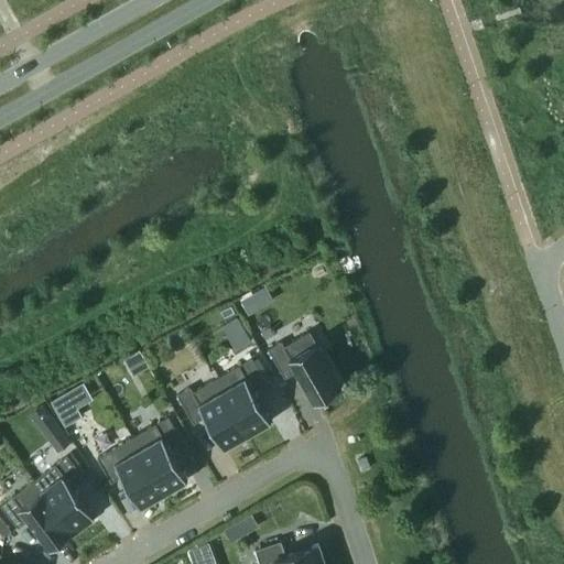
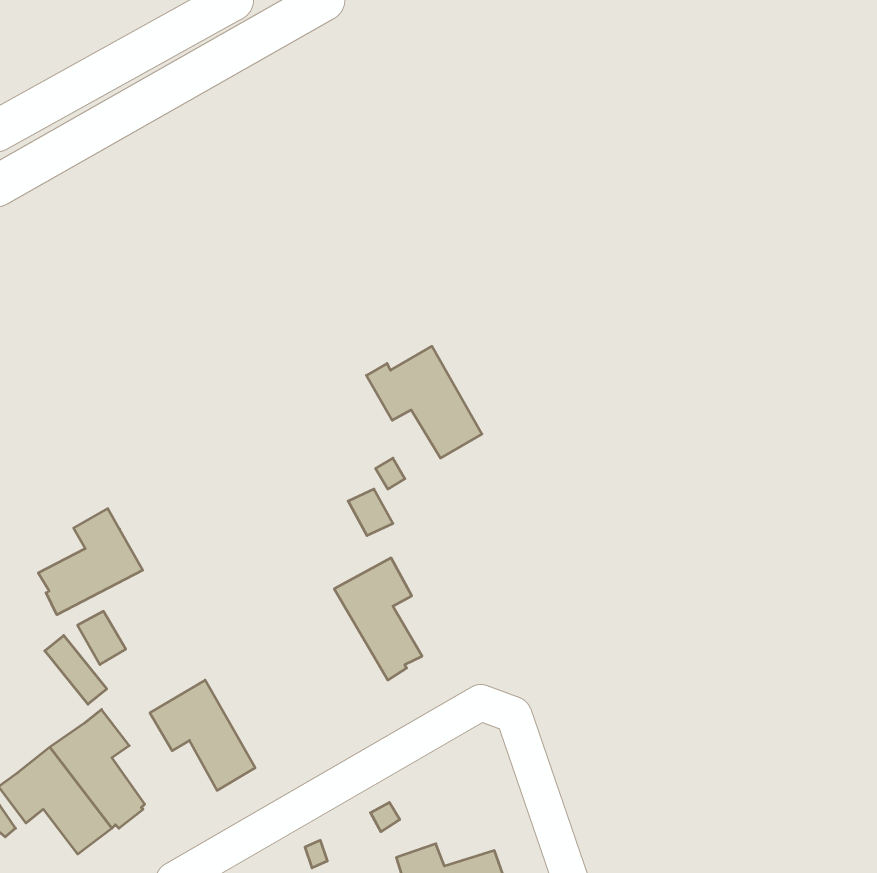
building: none -> [38,509,143,615]
building: [267,334,340,405] -> [366,346,482,458]
building: [175,381,248,451] -> none
building: [131,420,186,496] -> none

